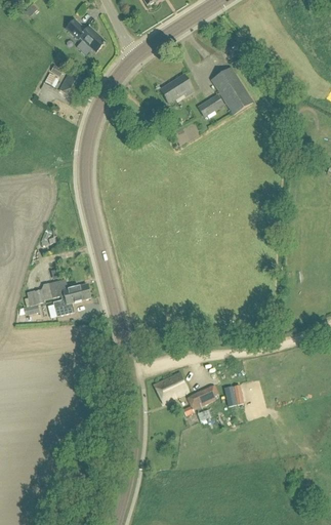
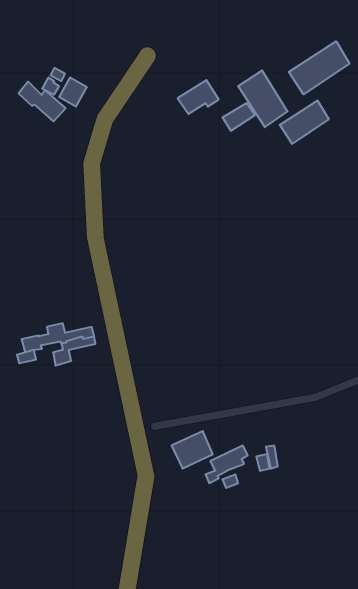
building: [66,17,106,51] -> [19,82,66,121]
building: none -> [289,41,349,94]
building: none -> [280,100,329,144]

